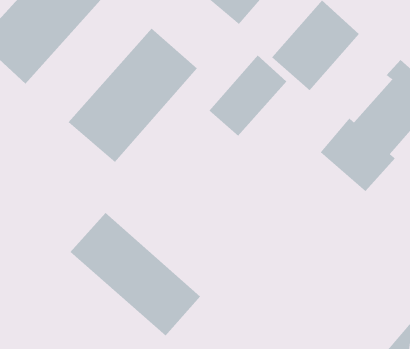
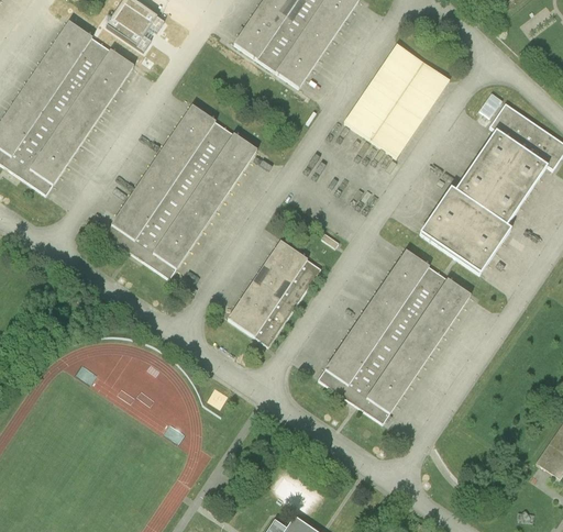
building: [208,54,287,137] -> [227,241,319,345]
building: none -> [318,251,471,424]
building: [69,212,201,337] -> none

